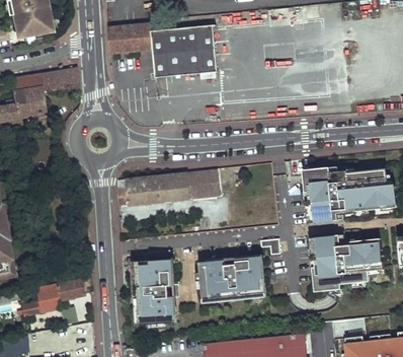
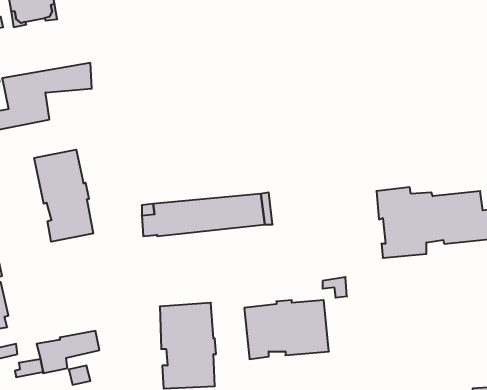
building: [108,23,219,77] -> none
building: none -> [34,150,93,242]
building: [311,233,385,290] -> none

